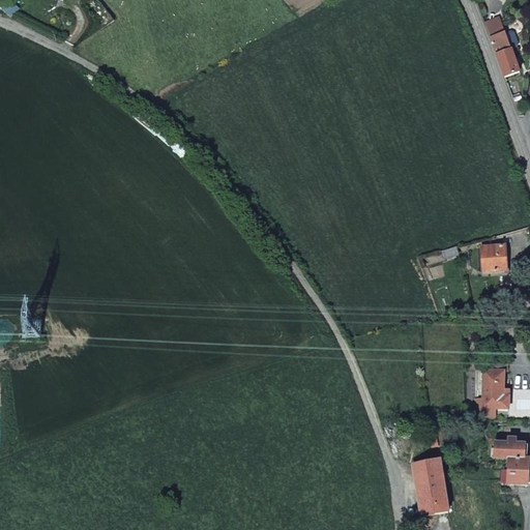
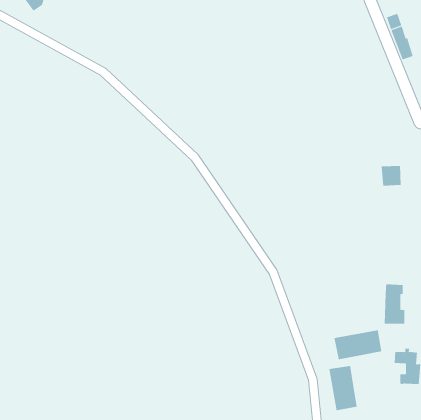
building: [480,244,506,270] -> [381,165,402,186]
building: none -> [334,330,382,360]

